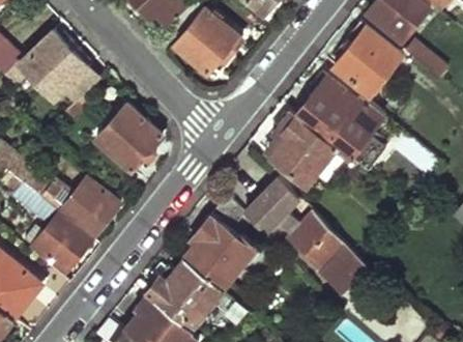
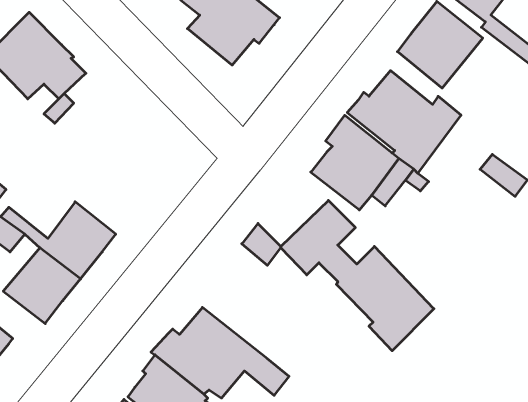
building: [94,99,163,171] -> none
building: [185,217,256,297] -> none

